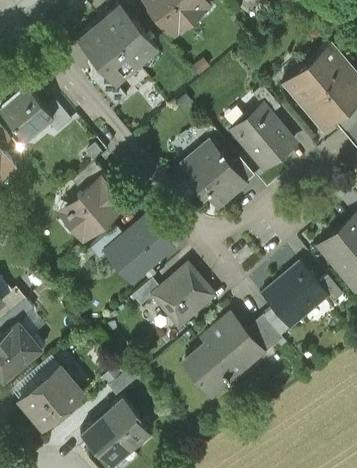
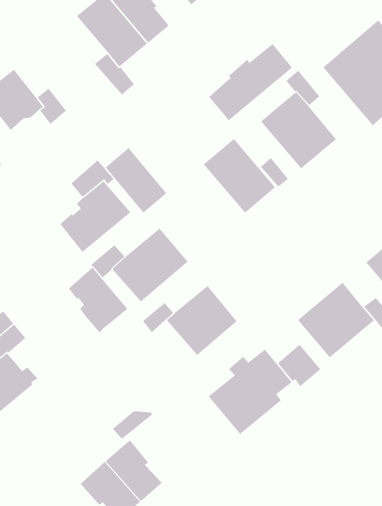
building: none -> [208,43,293,121]
building: none -> [105,147,167,214]
building: none -> [68,267,128,333]
building: [19,365,81,426] -> none

